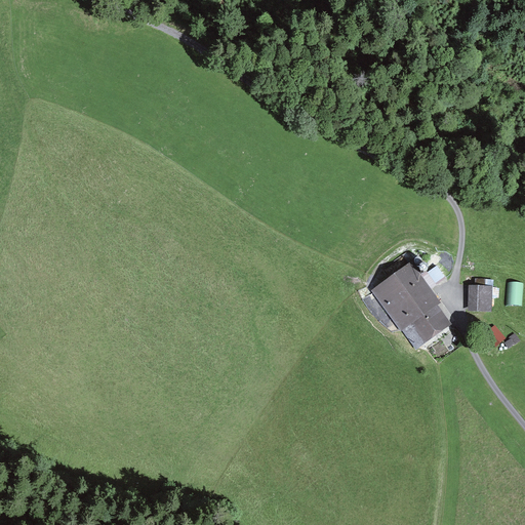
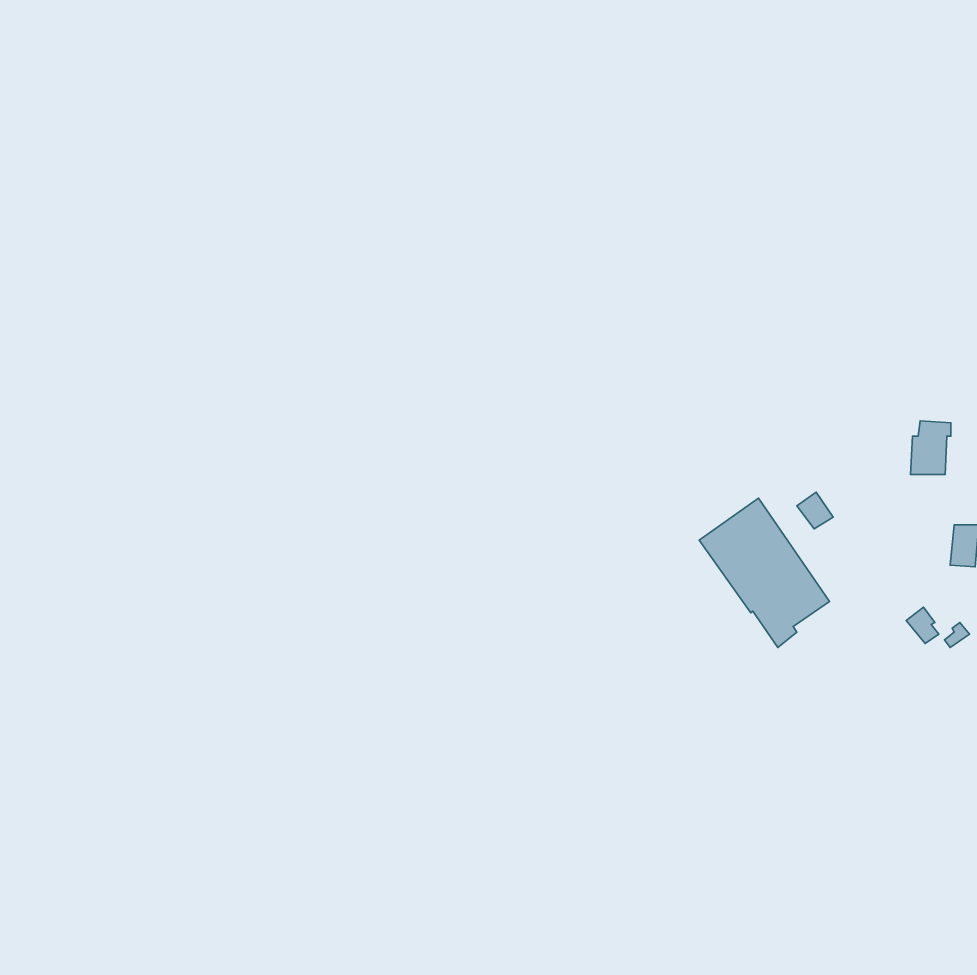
building: [472,278,493,307] -> [911,421,951,475]

